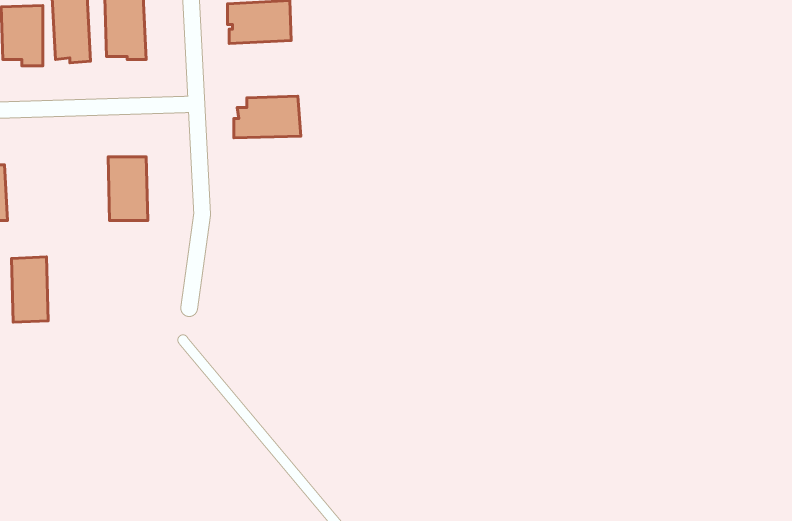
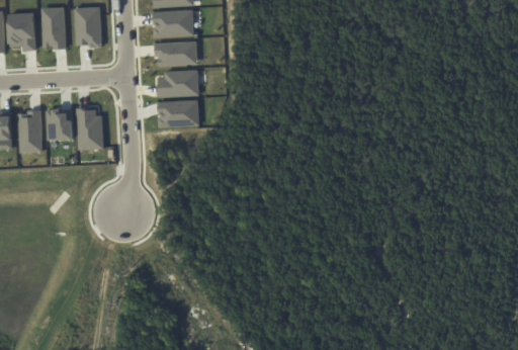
building: none -> [154,40,197,65]
building: none -> [158,99,198,126]
building: none -> [48,108,74,140]
building: [11,257,48,322] -> [19,110,42,152]

